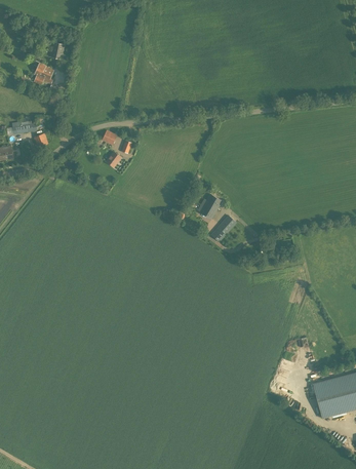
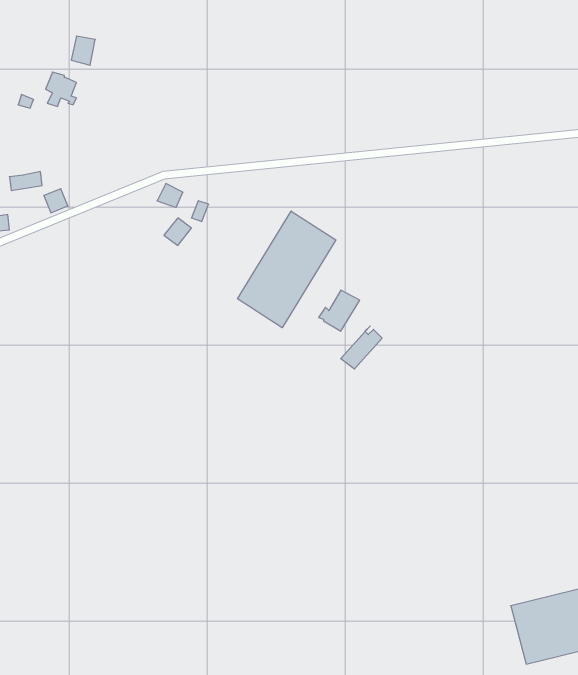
building: none -> [238,211,336,328]

